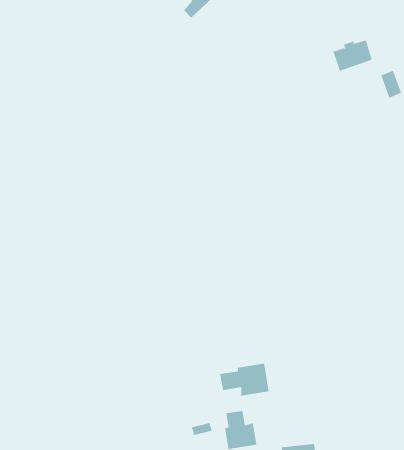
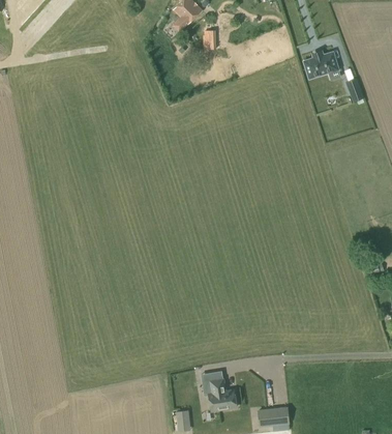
building: [219,363,269,396] -> none

